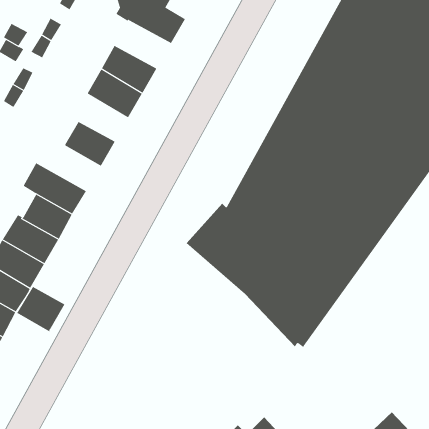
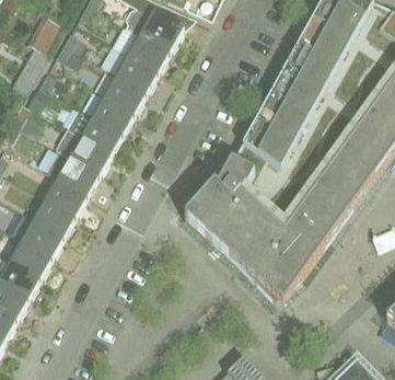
building: none -> [123,32,171,72]
building: none -> [88,93,135,134]
building: none -> [54,127,112,175]
building: [17,286,65,332] -> none

